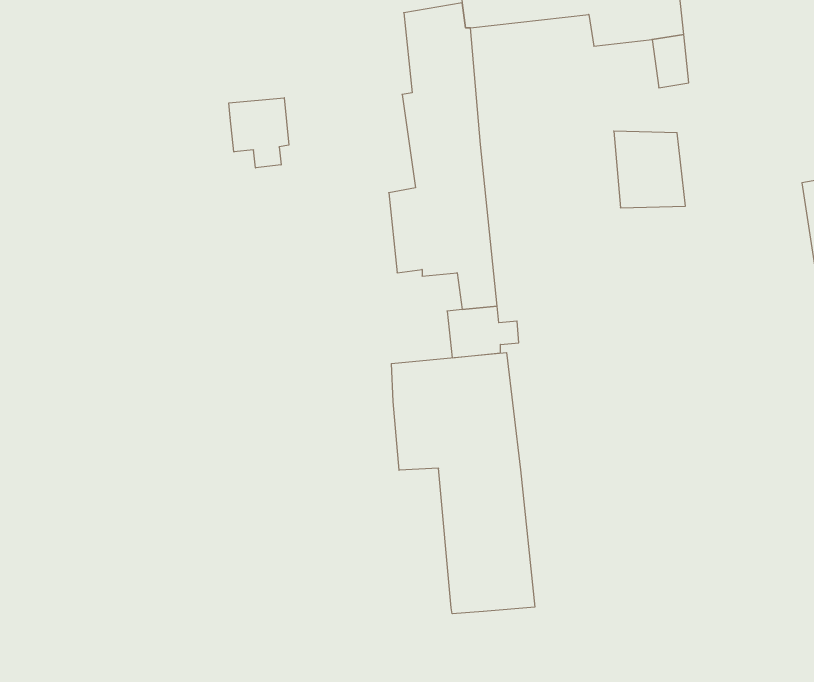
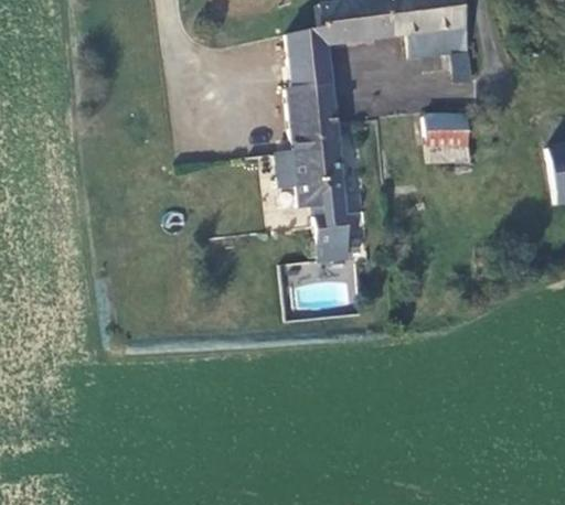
building: [229,98,289,168] -> none
building: [391,353,535,614] -> none

